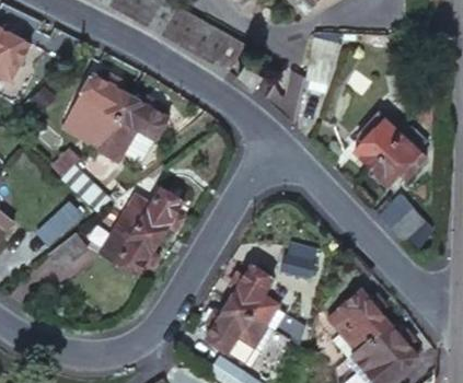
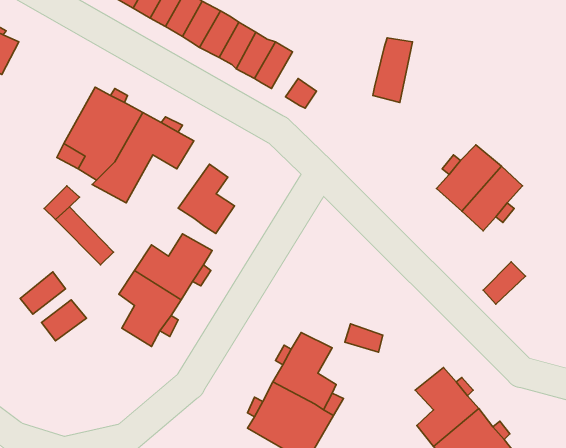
building: none -> [178,164,234,233]

